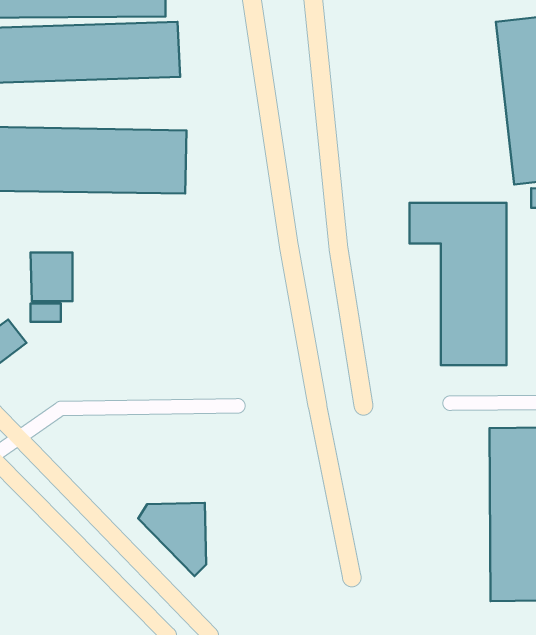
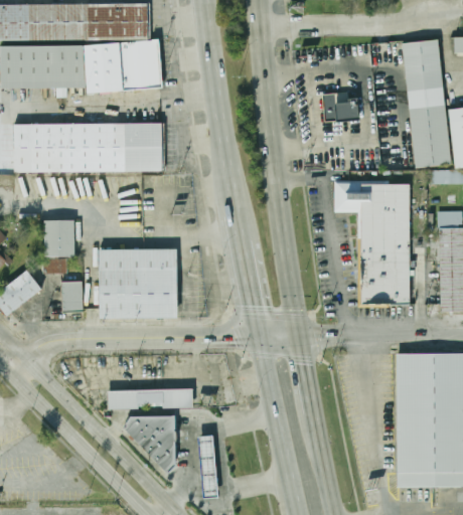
building: none -> [321,92,354,122]
building: none -> [98,249,177,317]
building: none -> [60,281,83,312]
building: none -> [111,386,197,407]
building: none -> [200,432,220,495]

